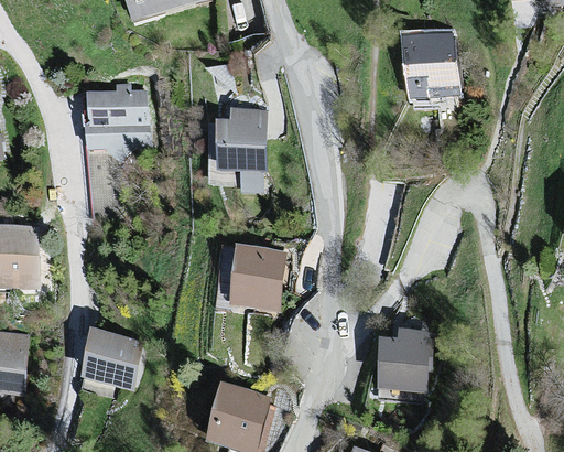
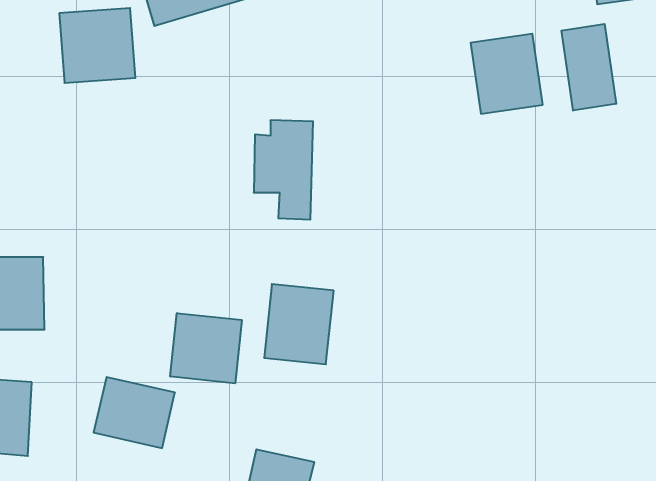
building: none -> [561,24,616,111]
building: [85,87,150,151] -> [59,8,135,83]
building: none -> [170,313,242,383]
building: [376,334,427,392] -> none

